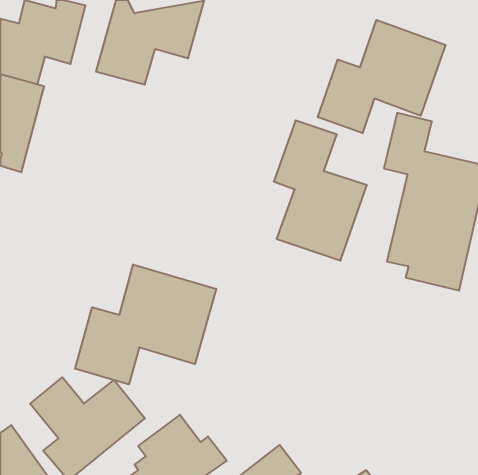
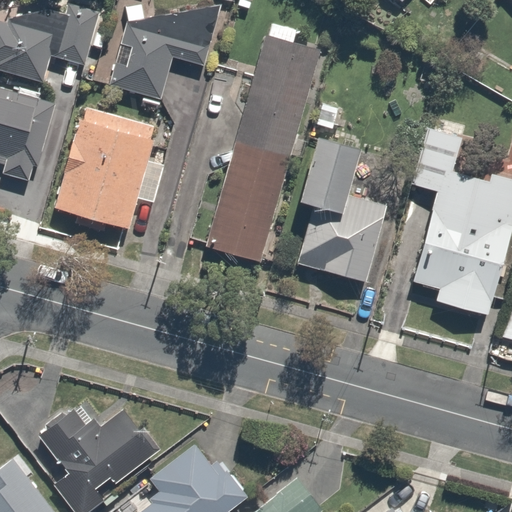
building: none -> [204,23,323,263]
building: [318,20,445,133] -> none
building: none -> [52,108,165,231]
building: [75,264,216,384] -> none

